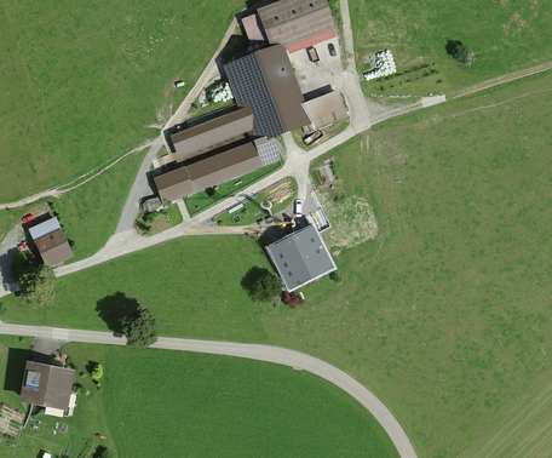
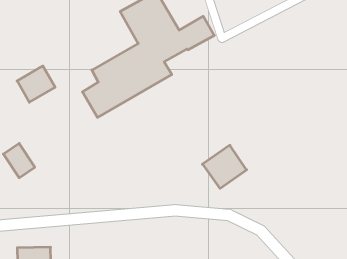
building: none -> [17,66,55,102]
building: [271,228,330,285] -> [202,145,247,188]

